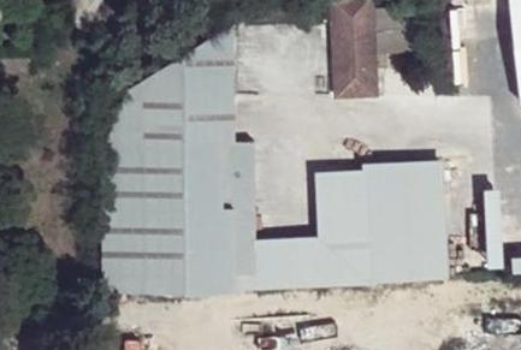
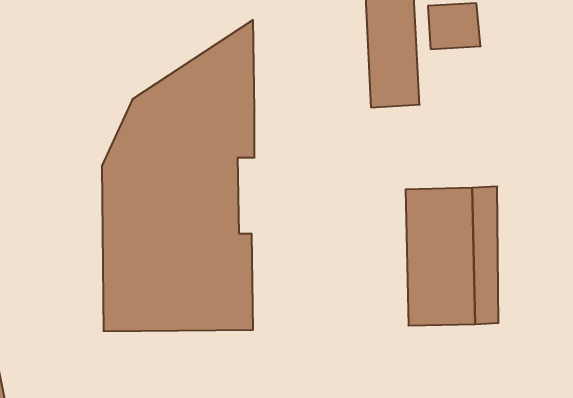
building: [219,140,367,290] -> none

